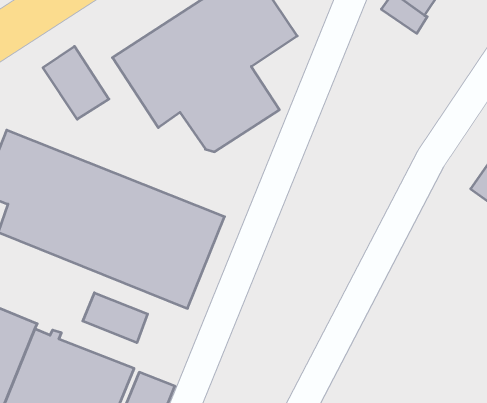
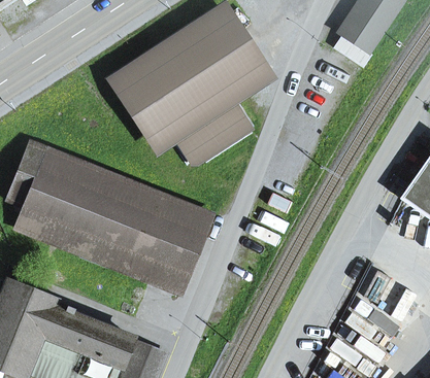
building: [43,46,109,119] -> none
building: [83,293,148,343] -> none

